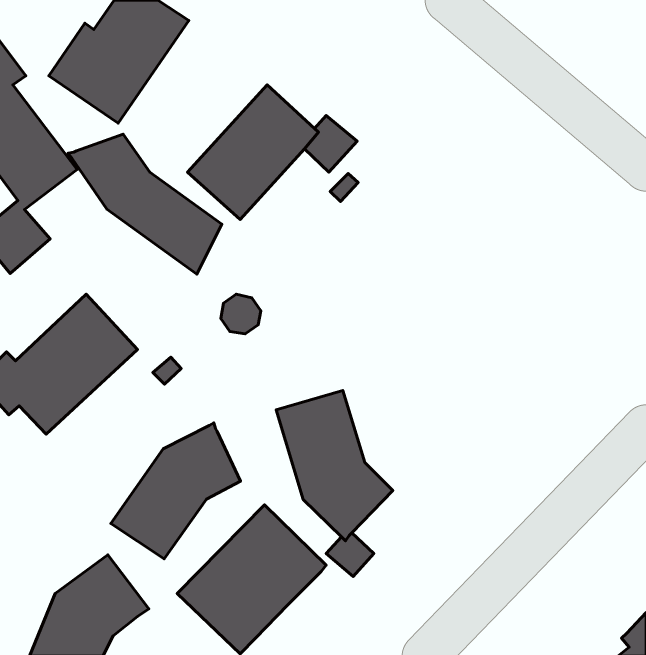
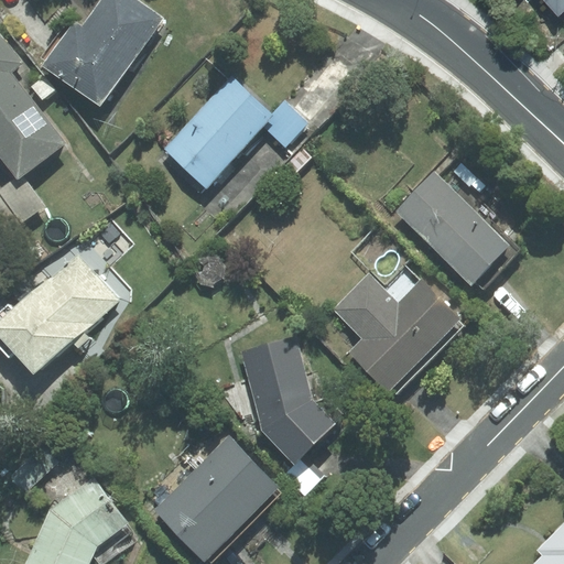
building: [68,134,222,274] -> none
building: none -> [393,172,510,285]
building: none -> [329,274,462,392]
building: [111,423,240,559] -> none

